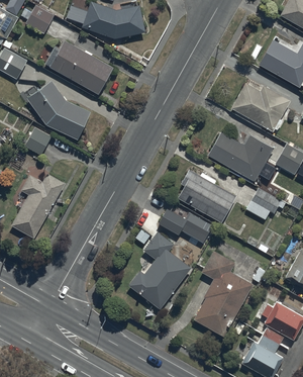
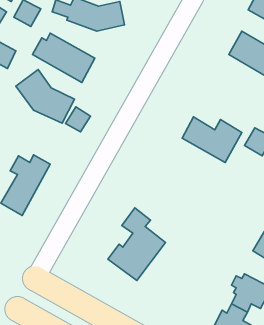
building: [231,83,290,130] -> none
building: [24,127,52,155] -> [65,107,91,132]
building: [177,169,235,222] -> none
building: [245,188,285,219] -> none
building: [159,207,214,243] -> none
building: [193,249,252,337] -> none

